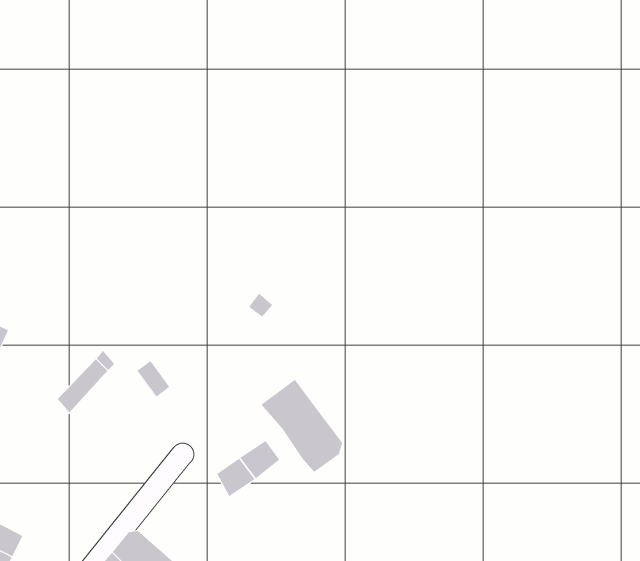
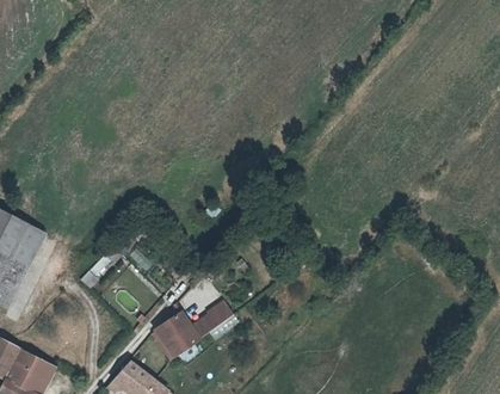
building: [260,379,343,473] -> none
building: none -> [159,315,193,353]

